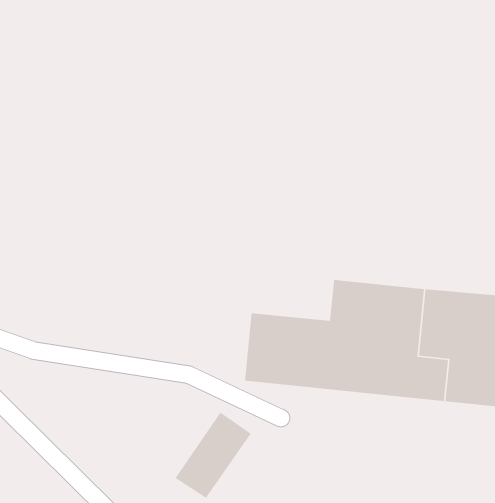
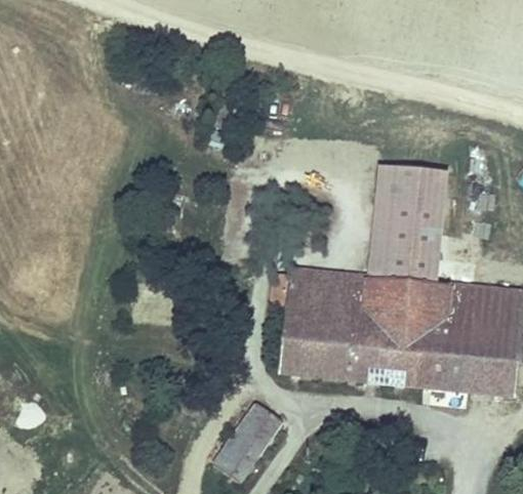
building: none -> [368,160,450,284]
building: none -> [284,269,362,315]

